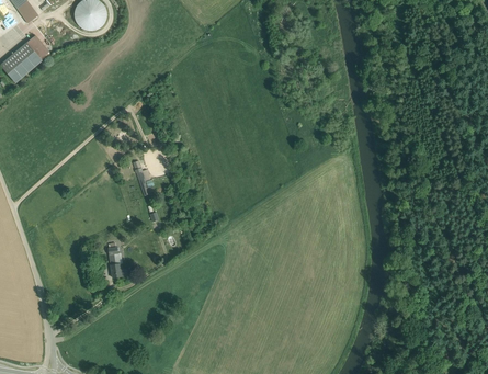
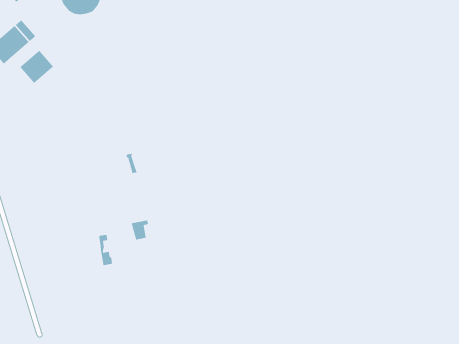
building: none -> [19,50,54,84]

